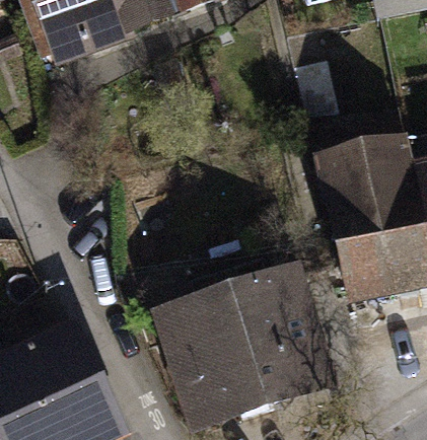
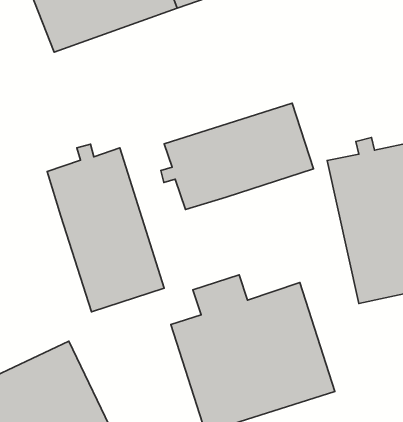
building: none -> [161,103,314,210]
building: none -> [47,144,164,312]

